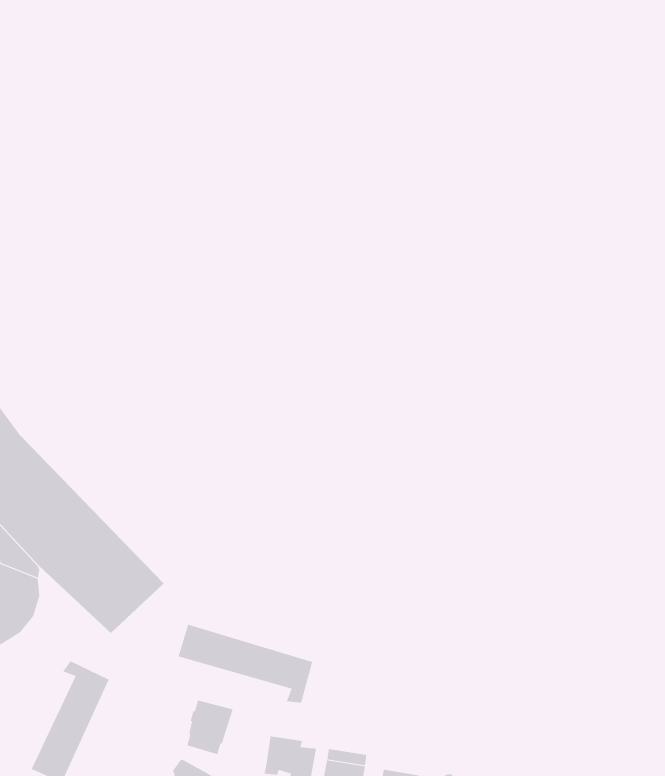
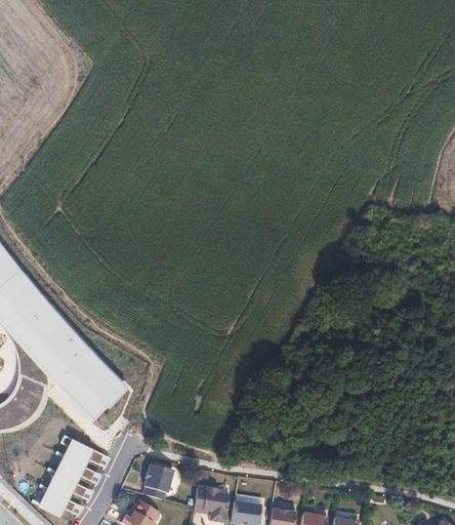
building: [178,624,313,704] -> none

